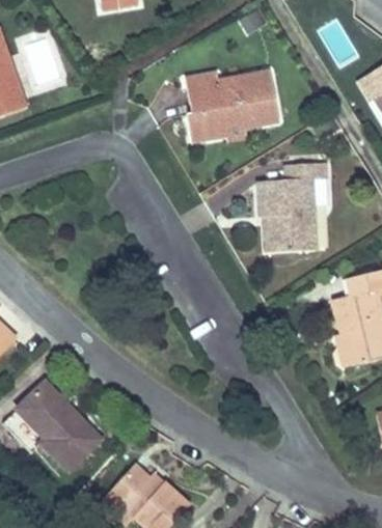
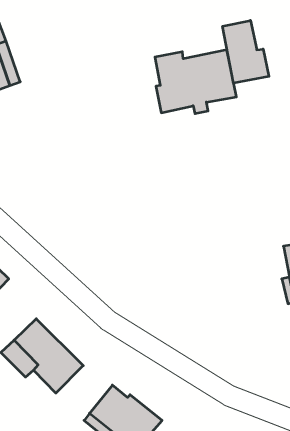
building: none -> [223,20,269,83]
building: [256,163,329,252] -> none

